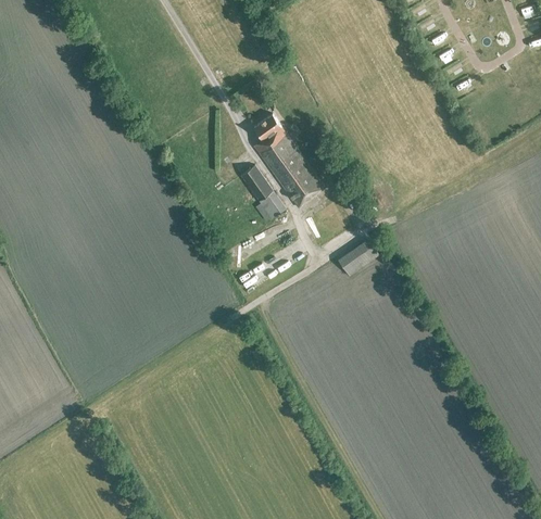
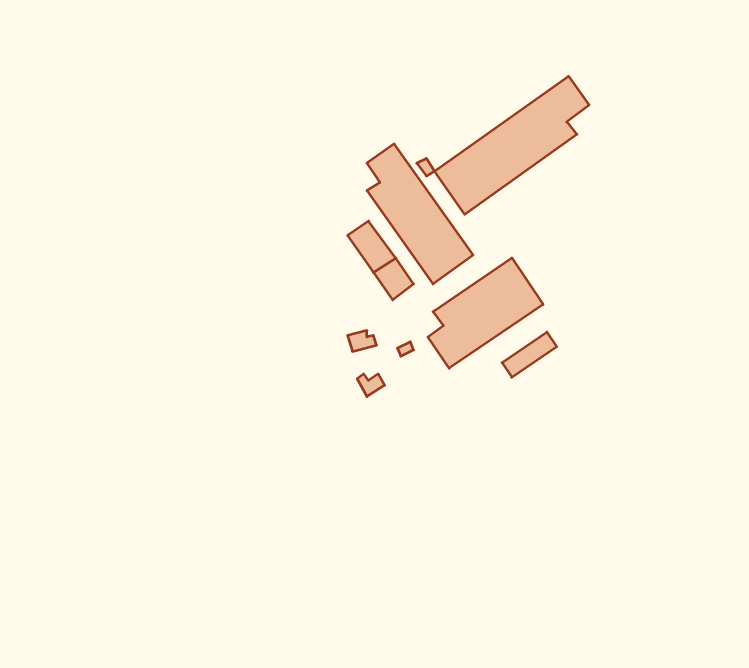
building: none -> [434,76,589,214]
building: none -> [428,258,543,368]

